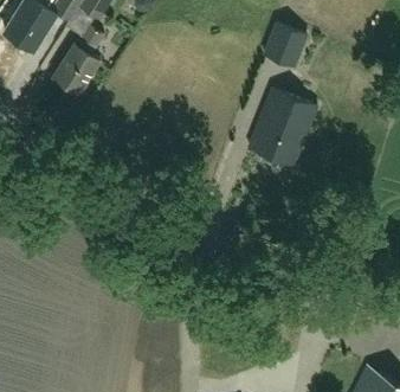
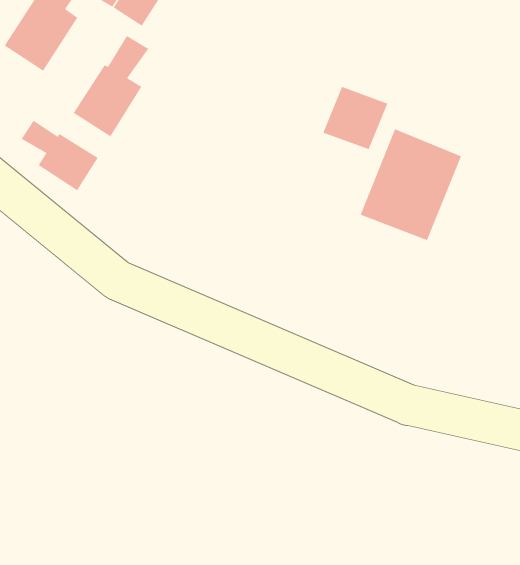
building: [262,24,307,68] -> [323,86,388,150]
building: none -> [21,120,98,191]

